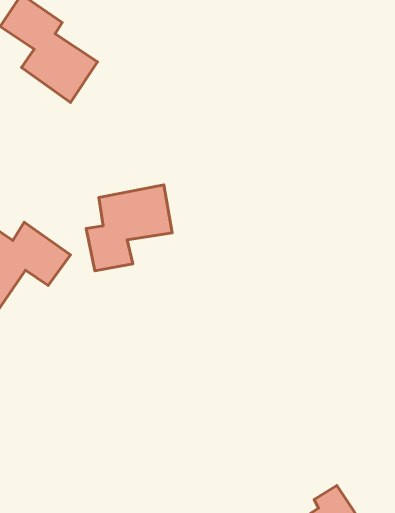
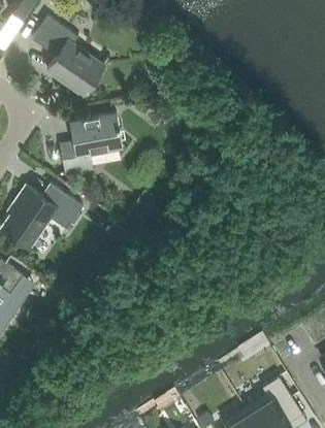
building: [86,185,172,271] -> [60,113,123,176]

